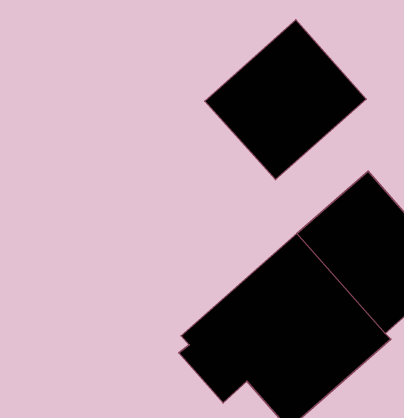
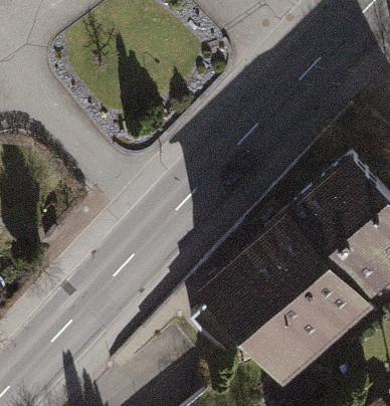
building: [205,20,366,180] -> none

